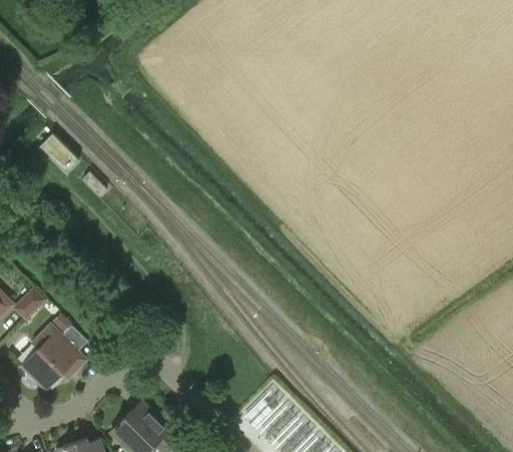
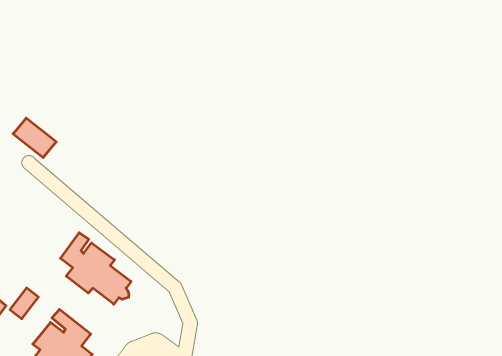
building: none -> [60,233,131,304]

